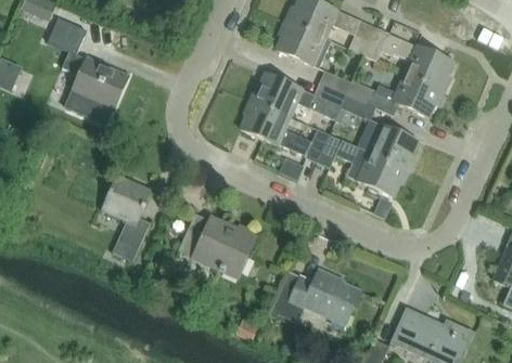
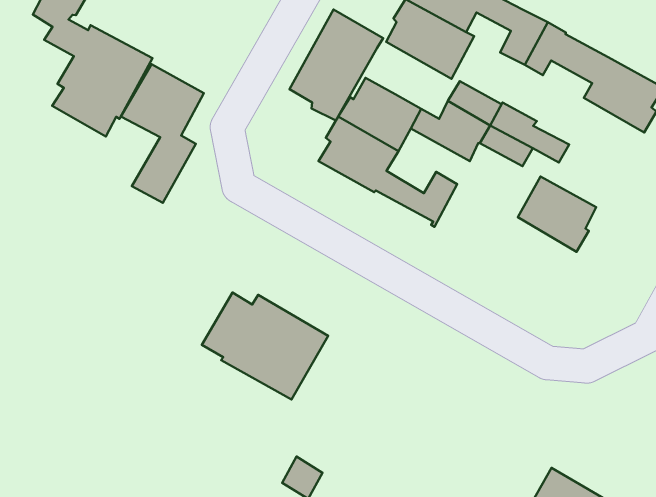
building: none -> [290,10,383,120]
building: [374,73,445,117] -> none
building: [318,134,409,196] -> none
building: [101,174,152,261] -> [121,64,204,203]
building: [269,270,360,323] -> none

